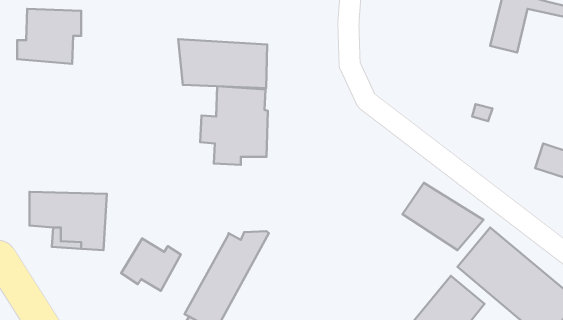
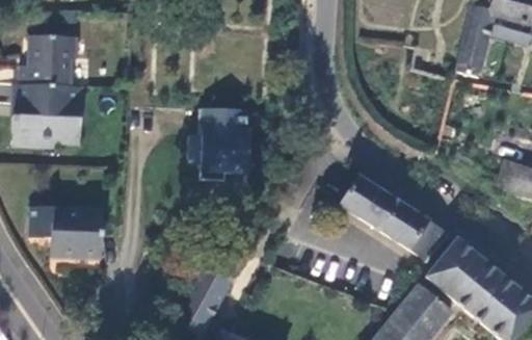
building: [178,39,267,88] -> none
building: none -> [14,82,81,147]
building: none -> [342,174,395,226]
building: [121,238,181,291] -> none

